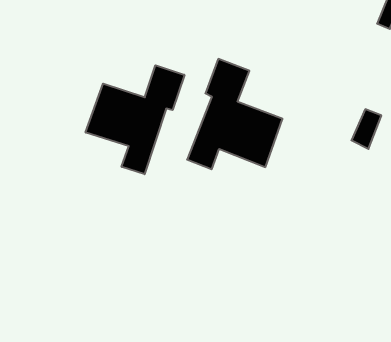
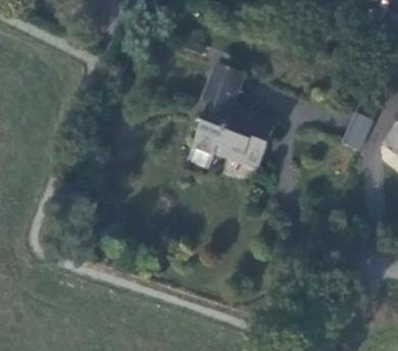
building: [86,65,184,174] -> none

